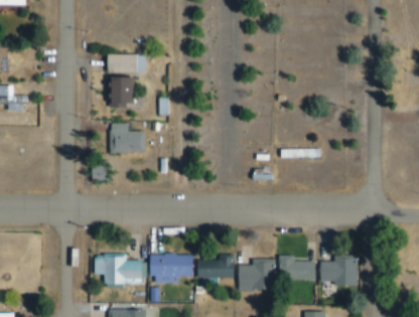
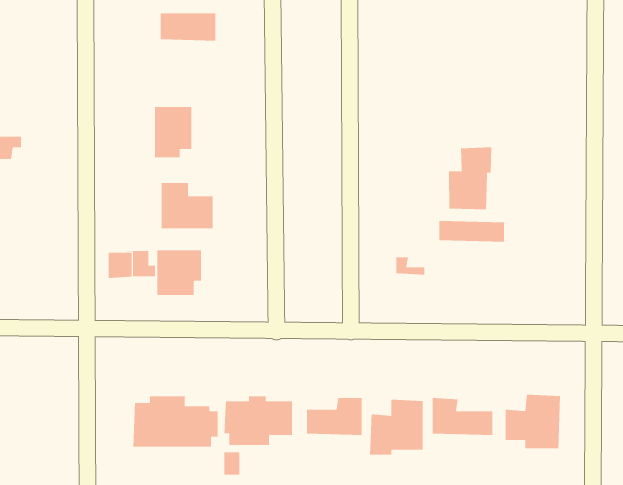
building: [108,54,142,71] -> [160,13,216,41]
building: none -> [448,147,492,210]
building: none -> [157,249,201,296]

